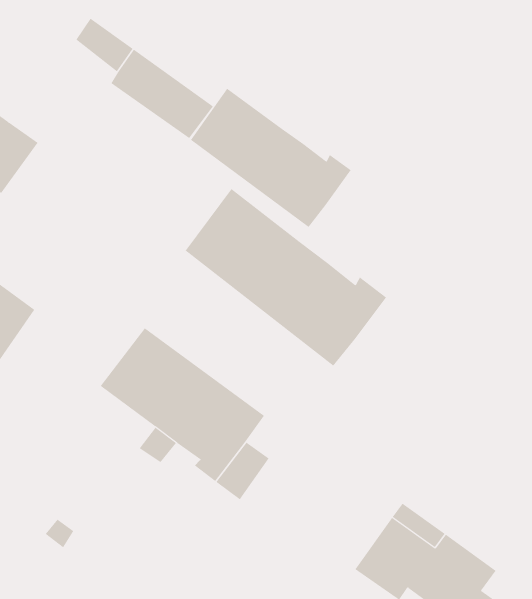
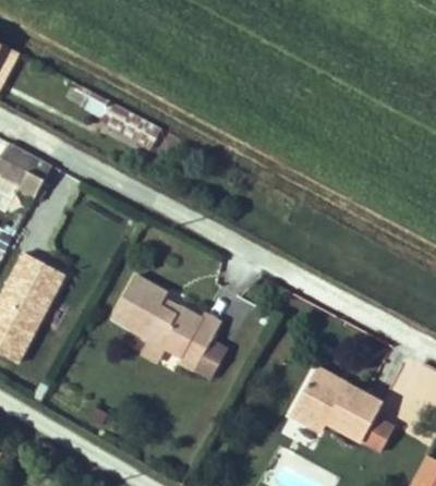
building: [190,88,351,228] -> none
building: [185,188,387,366] -> none

